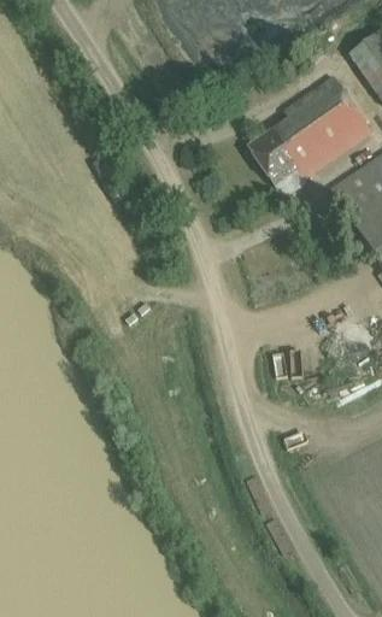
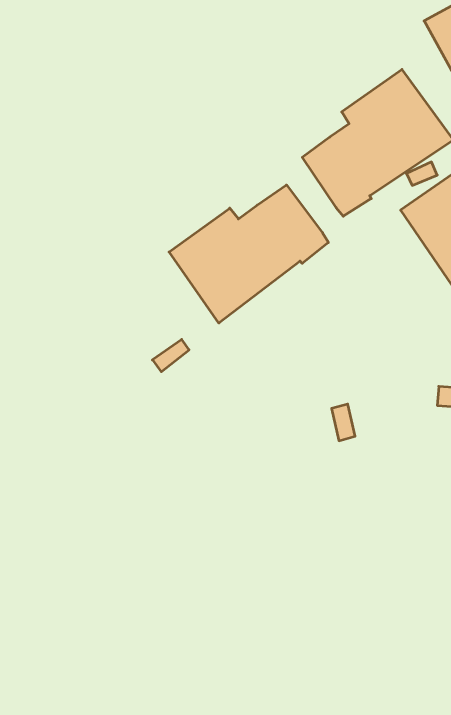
building: none -> [169,185,328,323]

